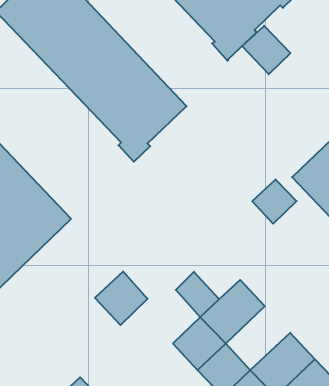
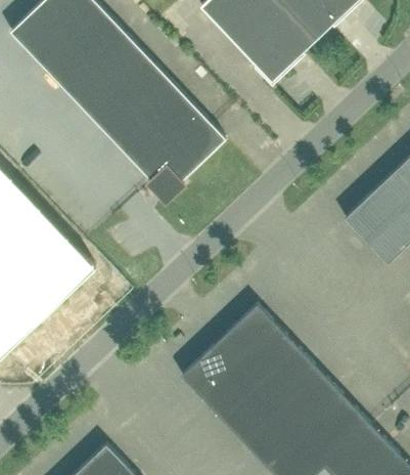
building: [242,26,290,74] -> none
building: [252,179,297,224] -> none
building: none -> [234,304,286,356]
building: [95,271,148,325] -> [182,346,241,406]
building: none -> [270,364,343,436]

